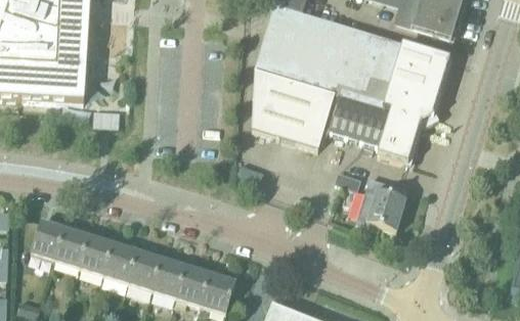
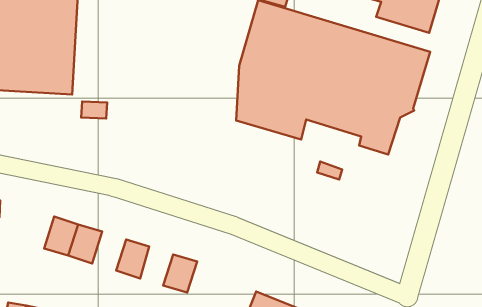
building: [354,177,403,231] -> none
building: [31,219,64,259] -> none
building: [103,241,138,281] -> none
building: [153,257,186,296] -> none
building: [201,272,235,312] -> none

